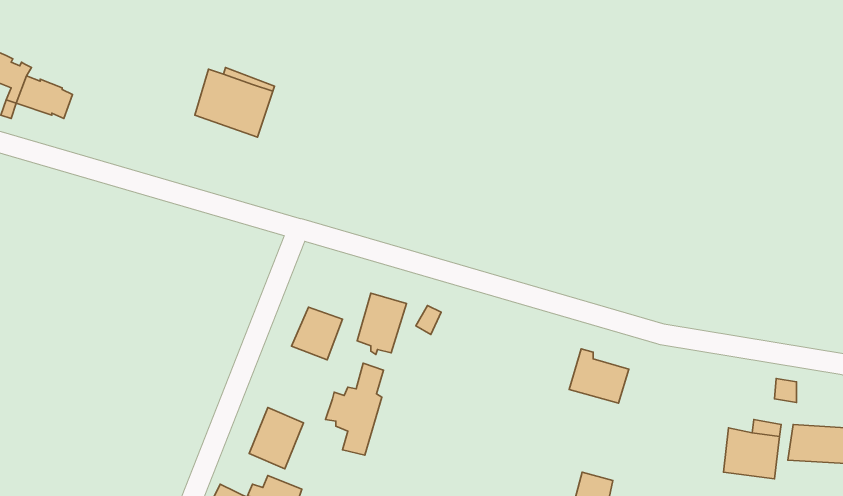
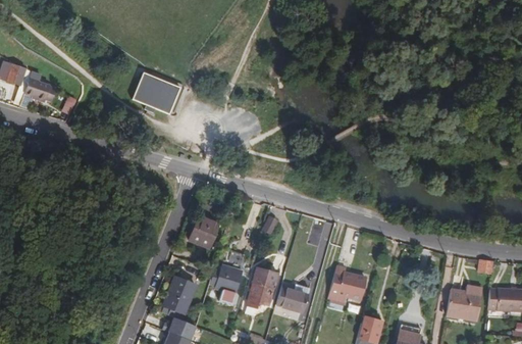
building: [357,293,406,354] -> [248,269,277,306]
building: [569,349,629,403] -> [329,266,365,299]
building: none -> [275,284,309,312]

